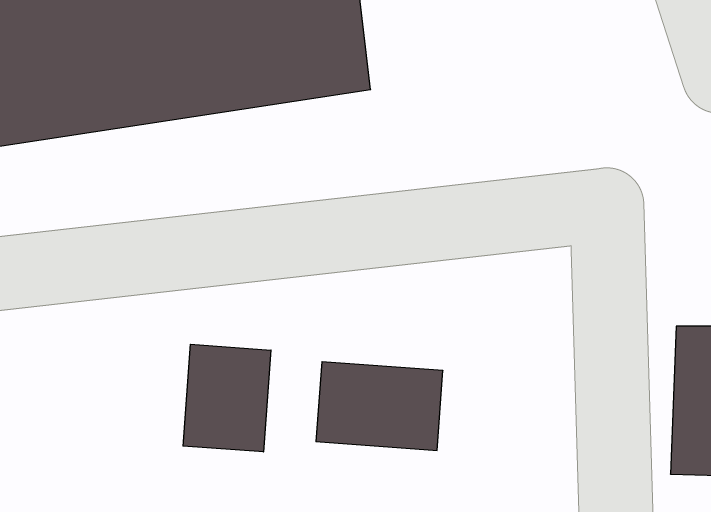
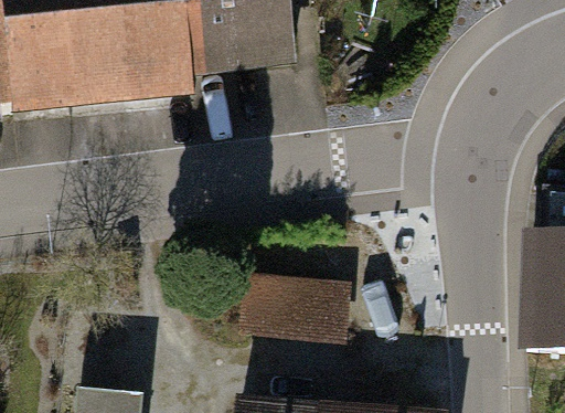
building: [183,344,271,452] -> none

